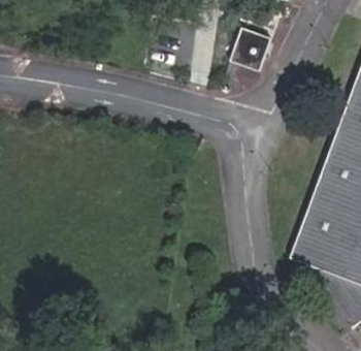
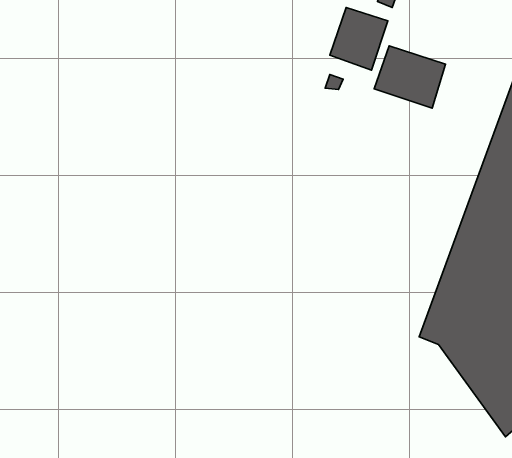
building: none -> [374,46,445,108]

